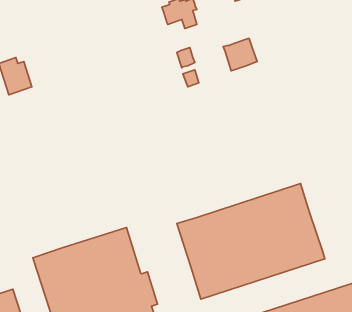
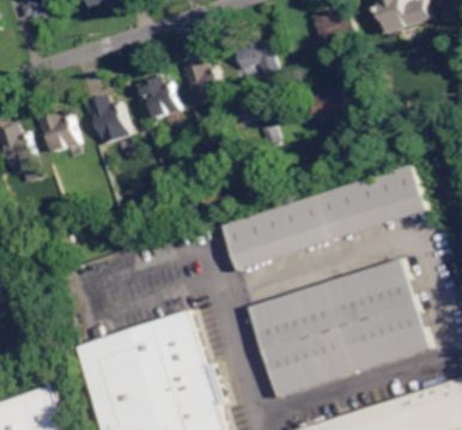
building: none -> [178,61,219,103]
building: none -> [134,75,175,119]
building: none -> [83,93,124,143]
building: none -> [221,164,420,271]

